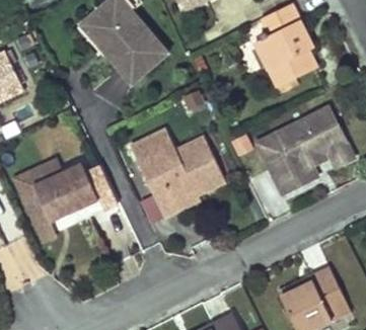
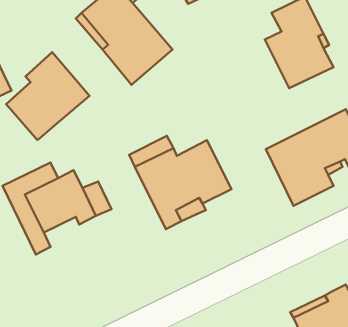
building: none -> [6,52,89,140]

